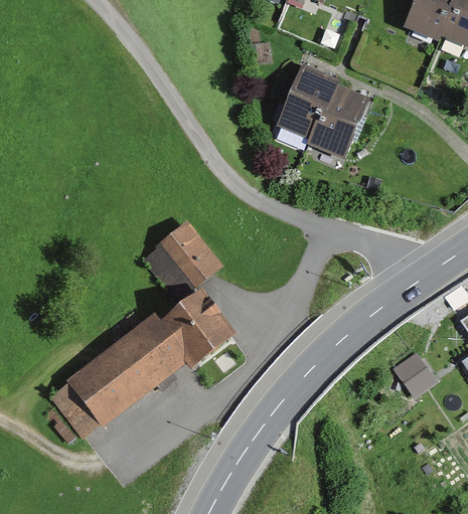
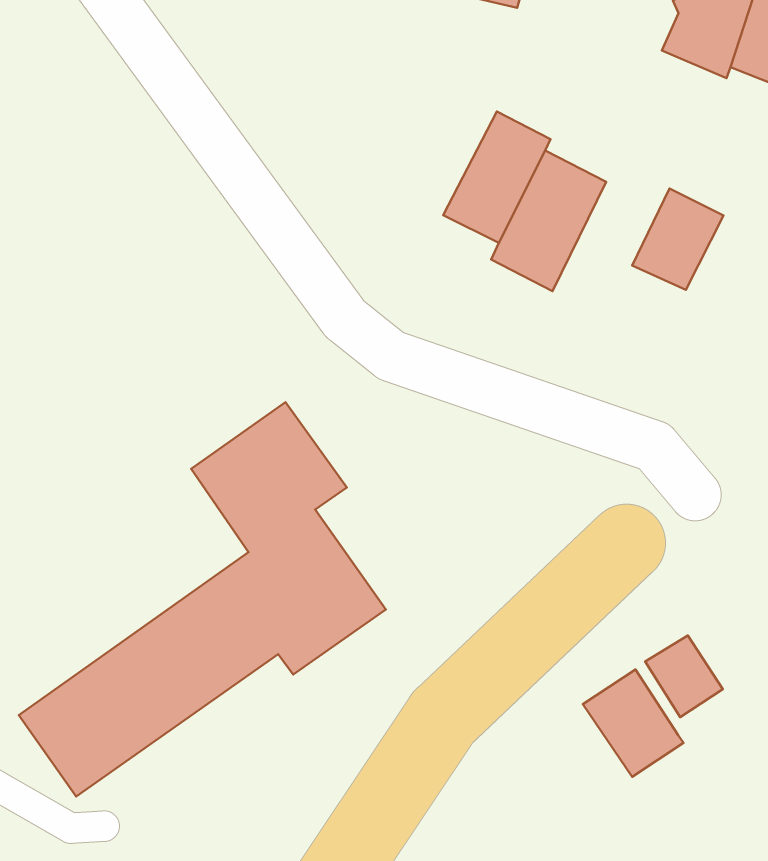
building: none -> [632,189,723,290]
building: none -> [583,670,683,777]

